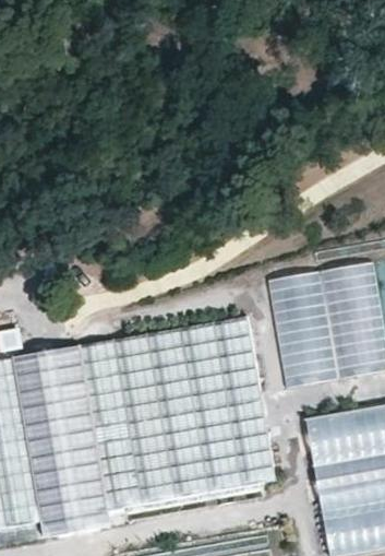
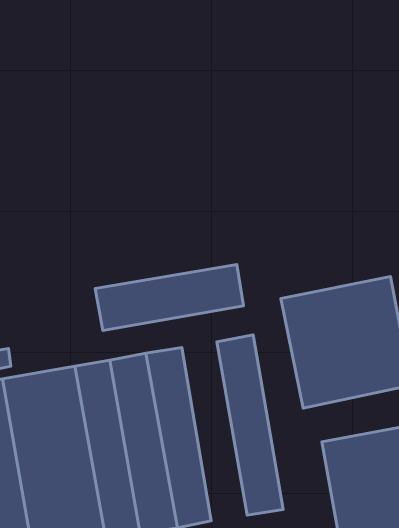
building: none -> [95,265,244,331]
building: [180,324,241,493] -> none

